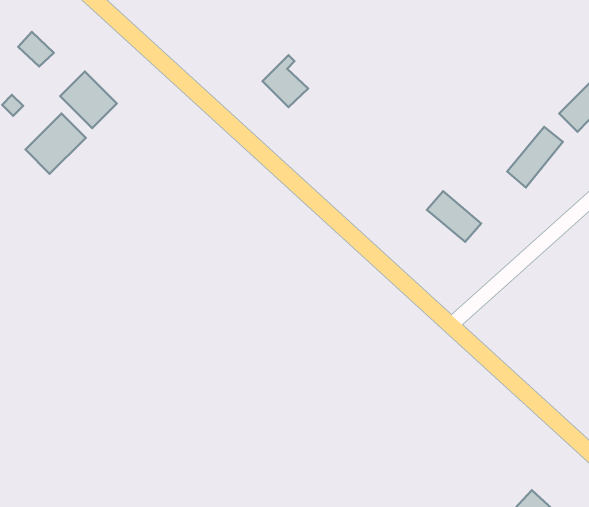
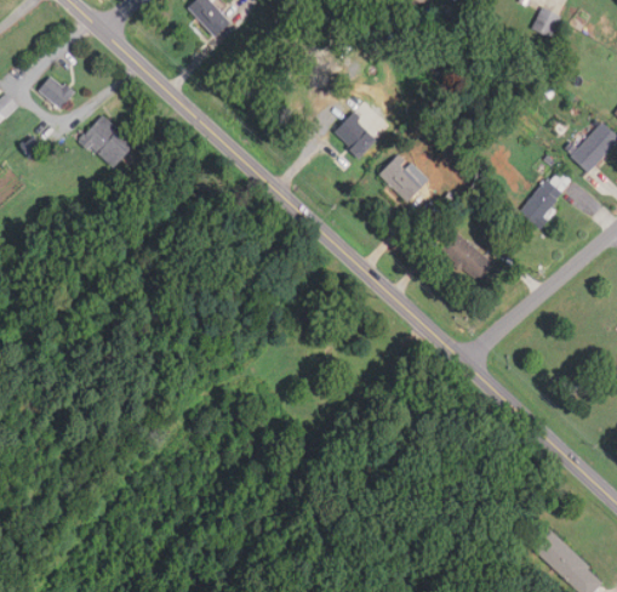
building: [262,55,308,107] -> [332,108,377,159]
building: none -> [378,153,427,203]
building: [25,114,86,174] -> none

